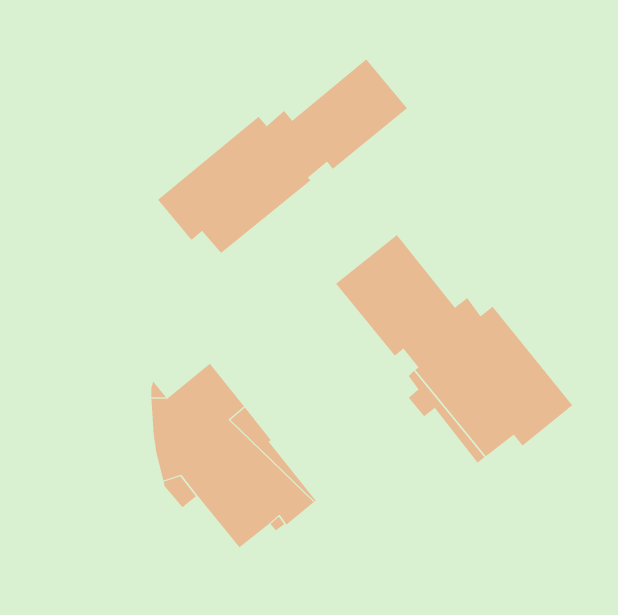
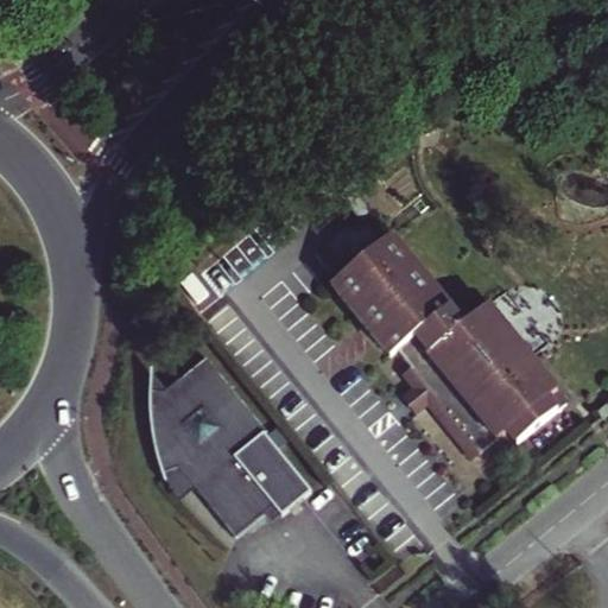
building: [157,59,408,254] -> none

